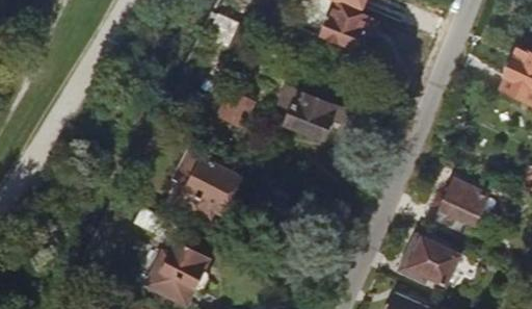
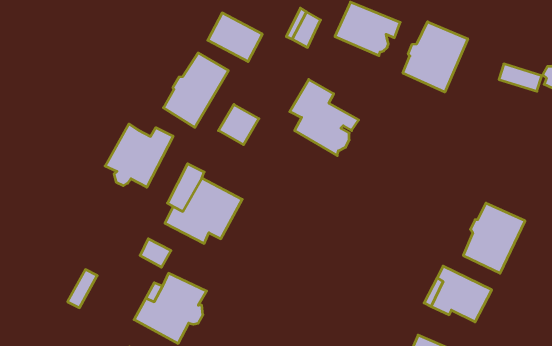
building: none -> [403,22,468,92]
building: none -> [163,53,228,127]
building: none -> [105,124,173,187]

